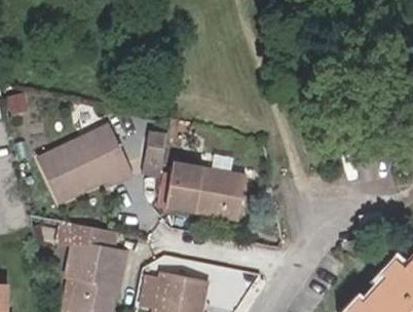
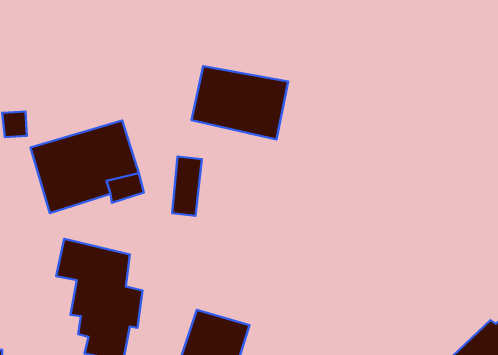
building: [171,156,248,215] -> [192,66,288,139]

